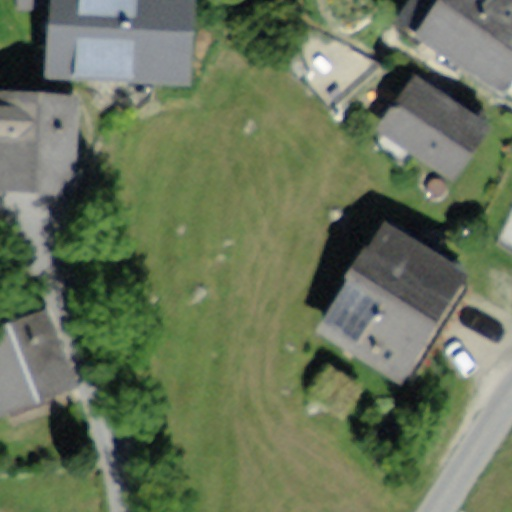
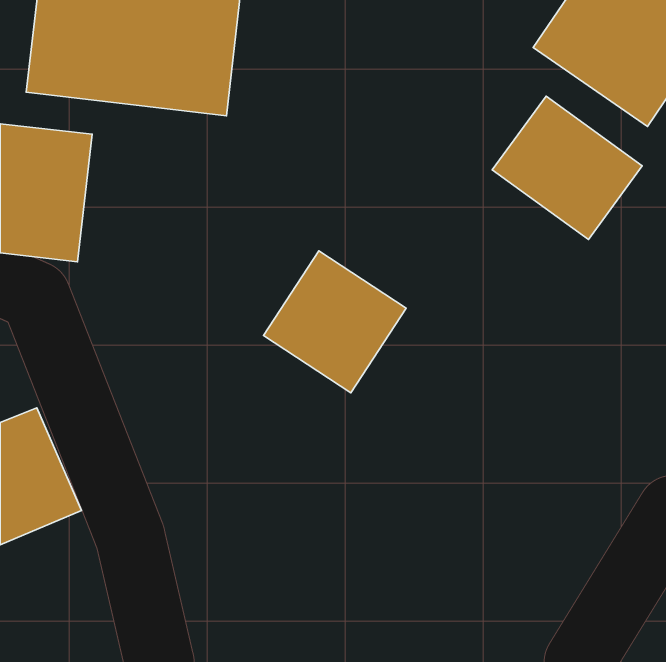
building: none -> [263,251,406,393]
building: [309,219,475,389] -> none

